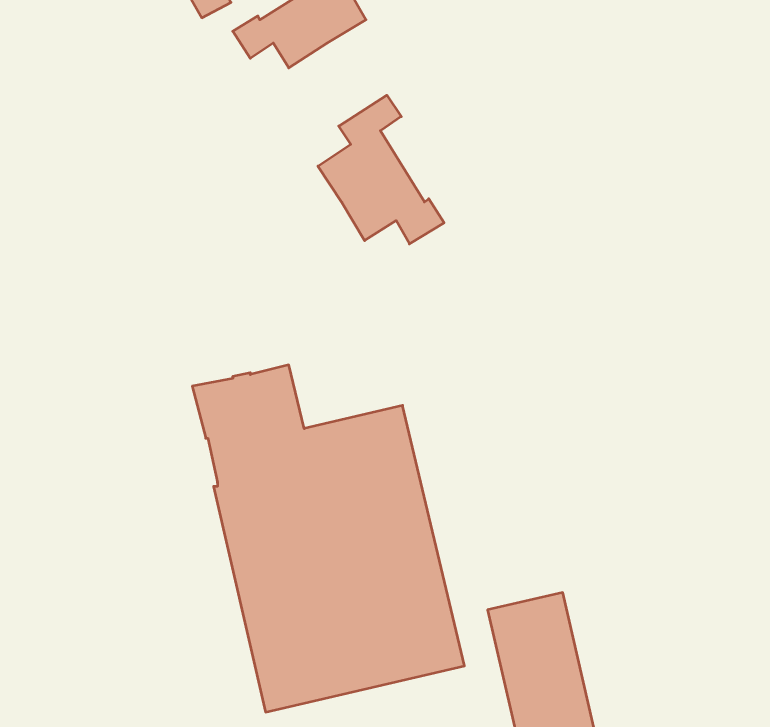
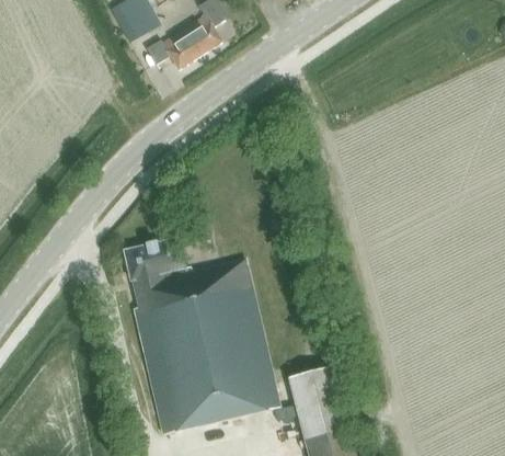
building: [318,95,444,244] -> none

